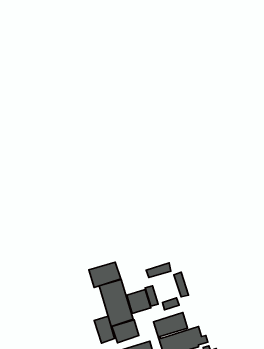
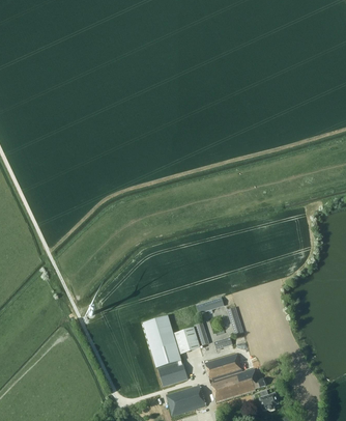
building: [89,262,121,287] -> none
building: [94,316,114,343] -> none

